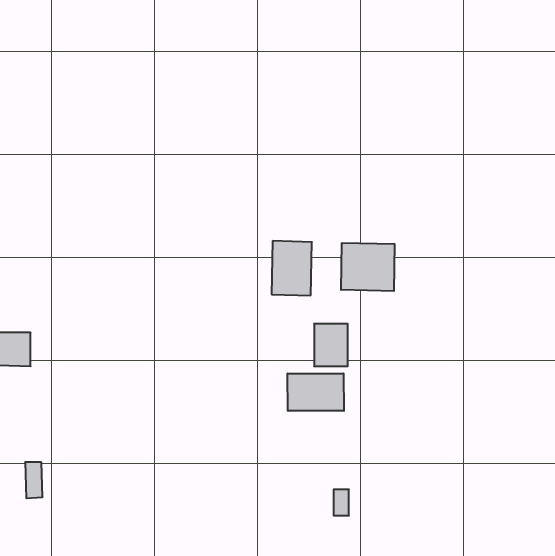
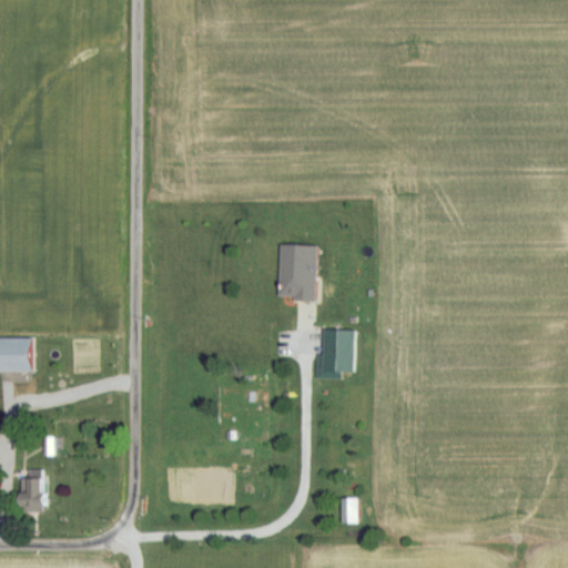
building: [341,243,395,291] -> none
building: [288,373,344,411] -> none

